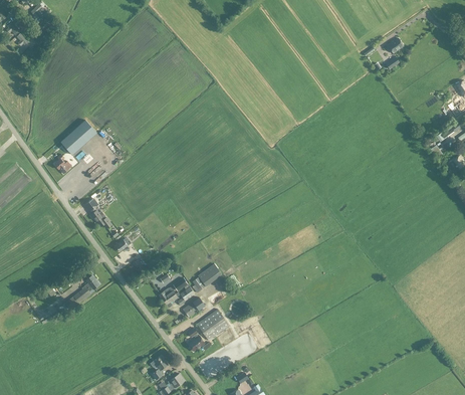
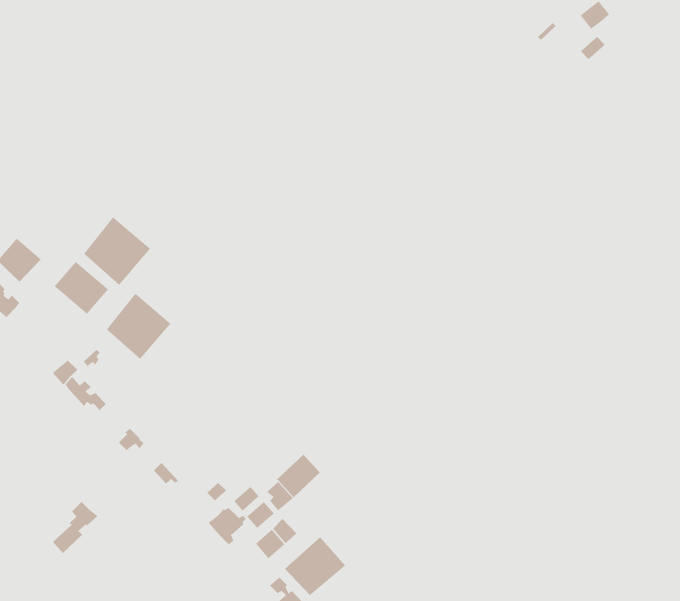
building: none -> [84,216,151,285]
building: none -> [106,293,171,360]

